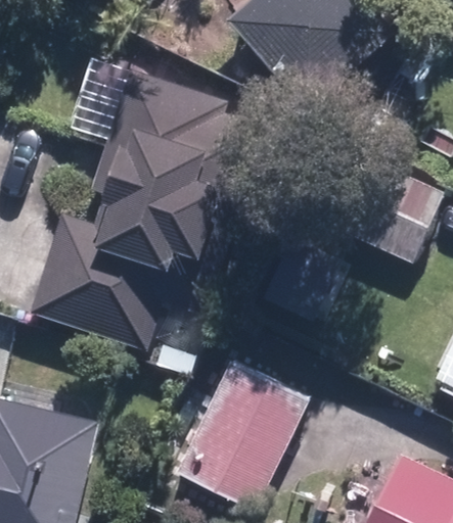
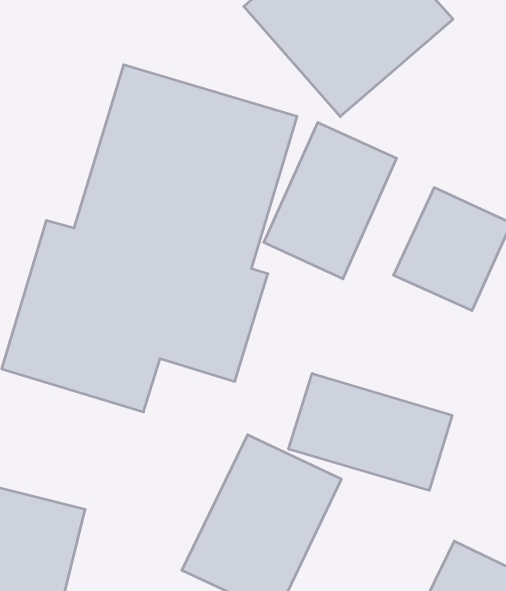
building: none -> [264,122,397,279]
building: none -> [289,373,452,490]

